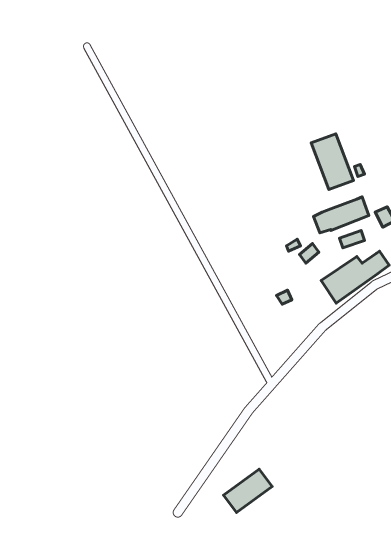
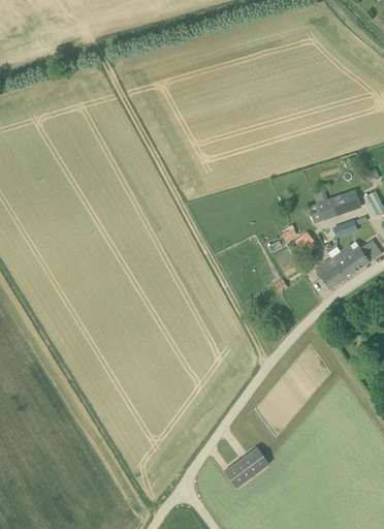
building: [311,134,354,189] -> none

